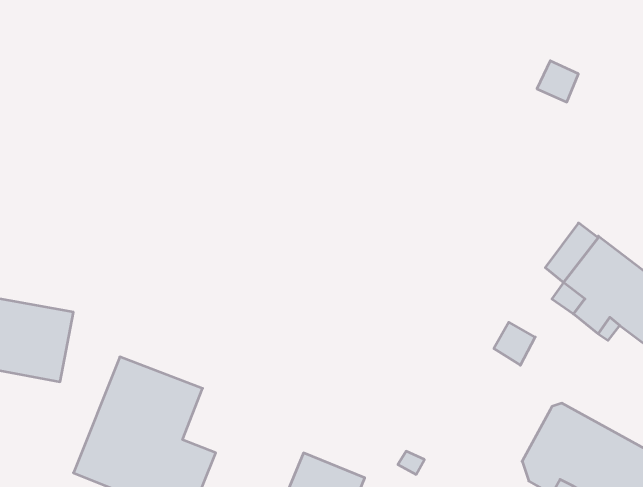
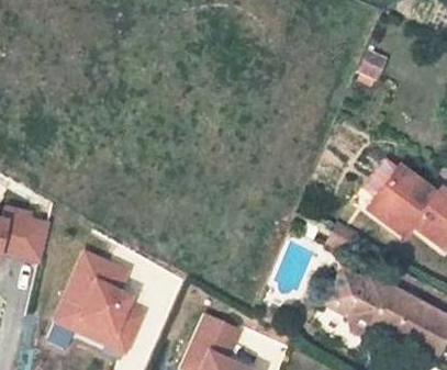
building: none -> [324,271,367,316]

